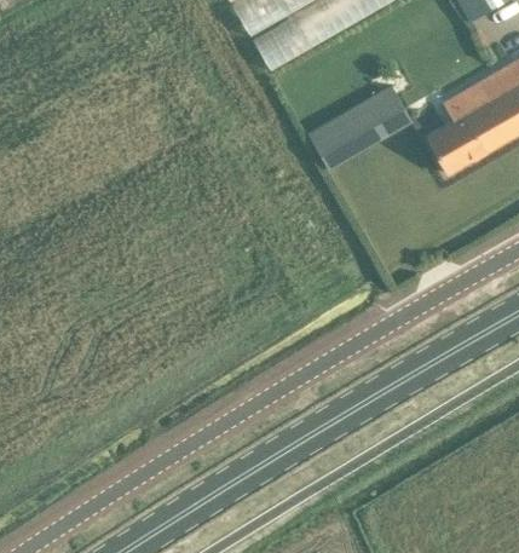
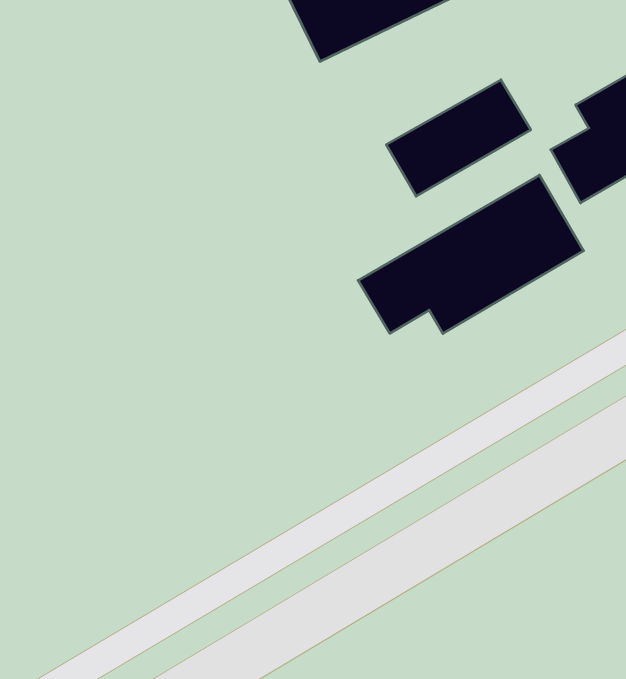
building: none -> [358,175,584,334]

